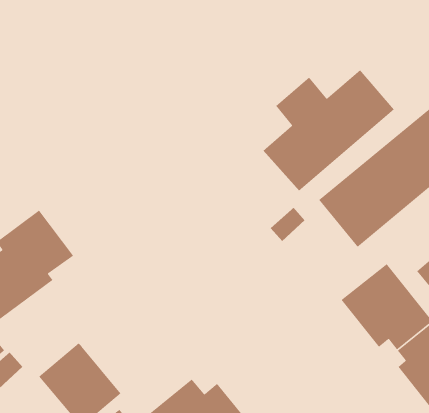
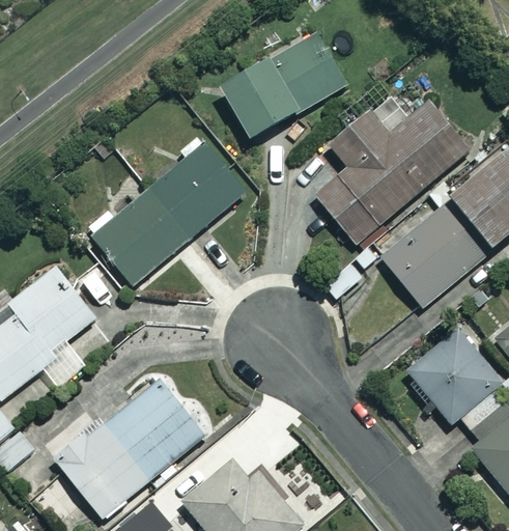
building: none -> [220,32,344,138]
building: none -> [87,142,246,286]
building: none -> [106,379,205,478]

